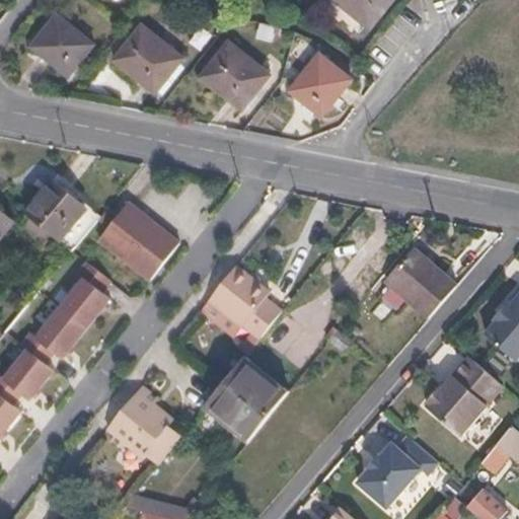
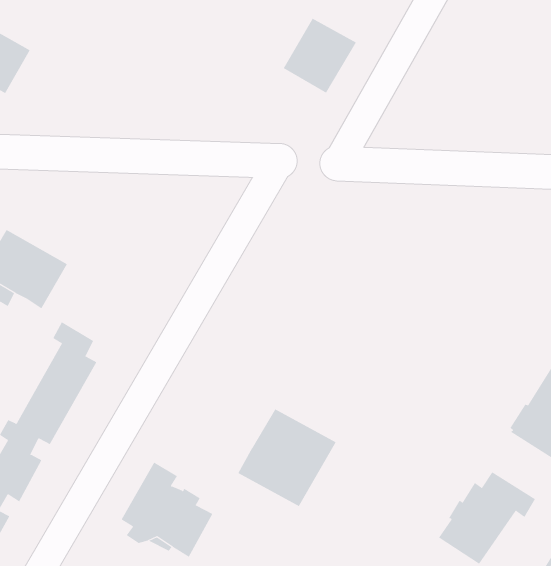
building: [114,25,182,92] -> none
building: [201,42,270,108] -> none
building: [96,204,176,281] -> none
building: [386,249,456,319] -> none
building: [208,269,279,340] -> none

